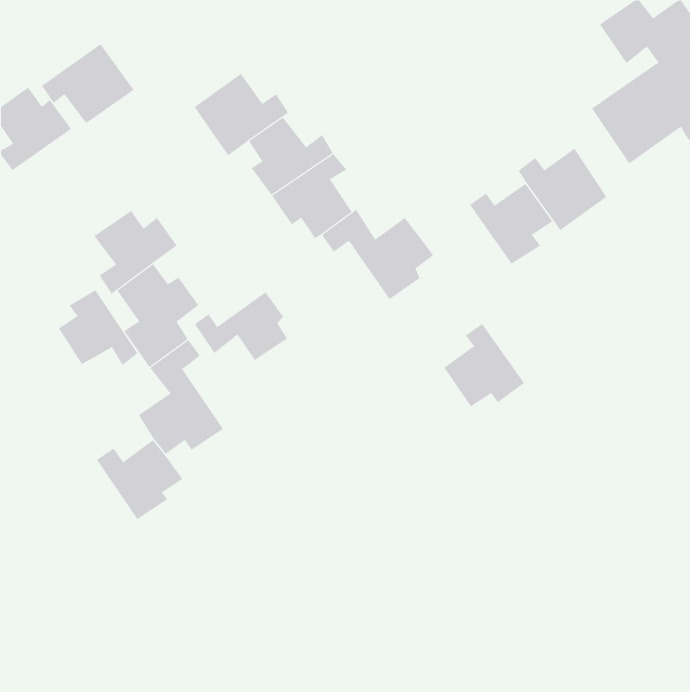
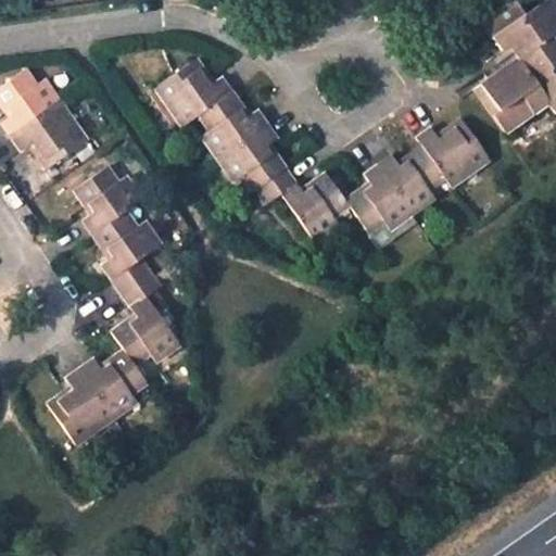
building: [41,44,135,124] -> [12,104,87,168]
building: [58,289,138,366] -> none
building: [194,291,288,361] -> none
building: [443,323,525,407] -> [346,165,412,232]
building: none -> [49,369,112,442]

